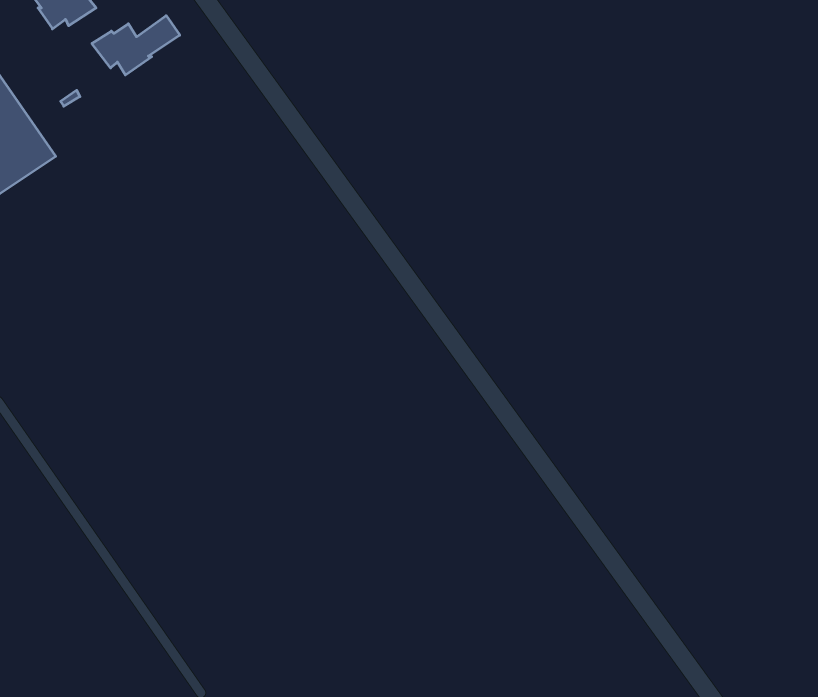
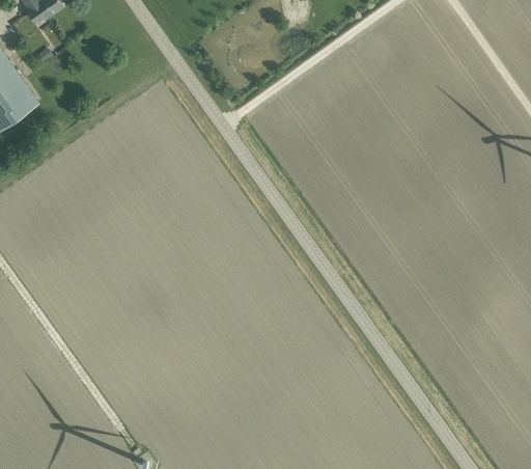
building: [92,16,180,75] -> none

